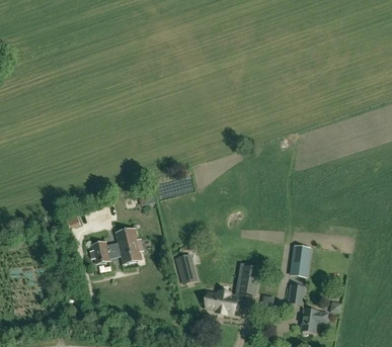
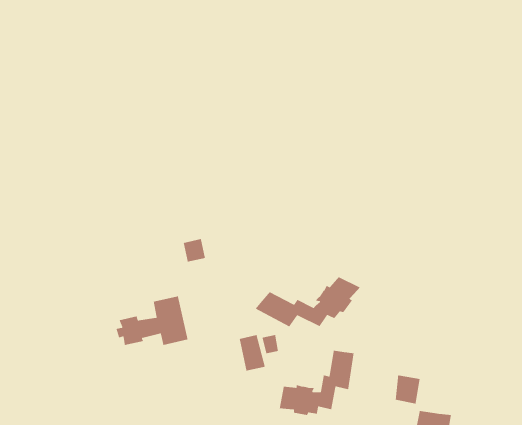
building: none -> [255,276,361,328]
building: [290,247,310,277] -> none

